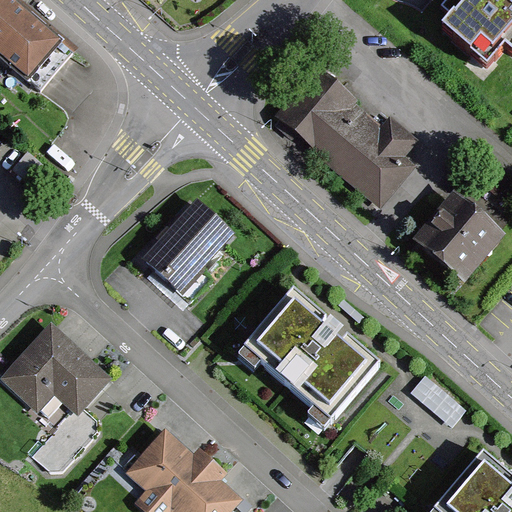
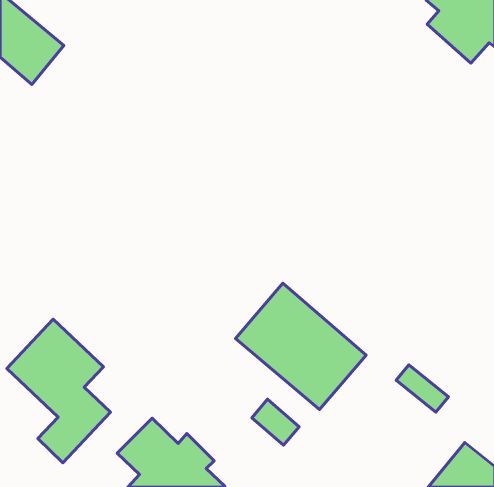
building: [274,59,419,203] -> none
building: [402,188,497,282] -> none
building: [149,208,232,305] -> none
building: none -> [252,399,299,445]

